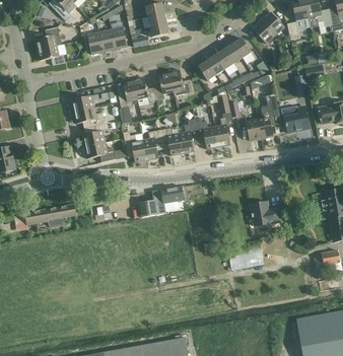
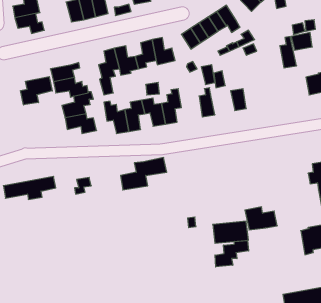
building: [258,94,279,138] -> none
building: [284,105,310,133] -> none
building: none -> [21,77,52,105]
building: [195,118,218,149] -> none
building: [251,203,282,225] -> [245,207,277,230]
building: none -> [215,240,249,267]

